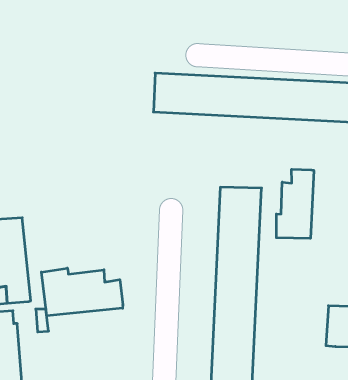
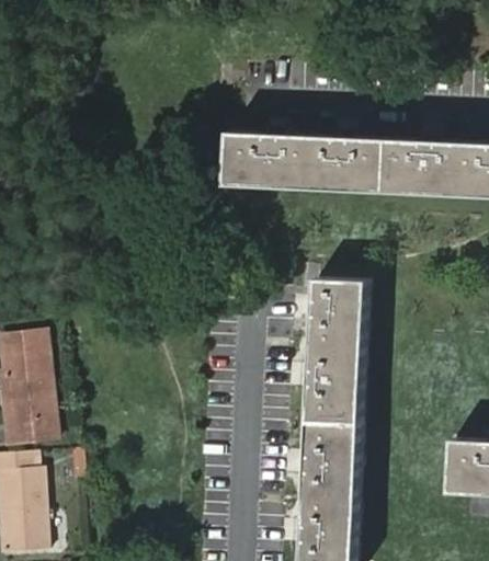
building: [276,169,314,238] -> none
building: [41,268,123,316] -> none

